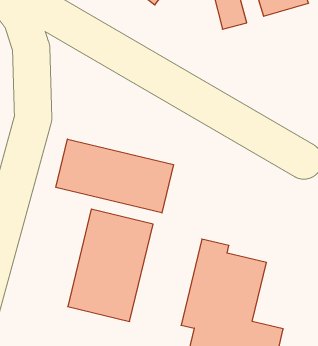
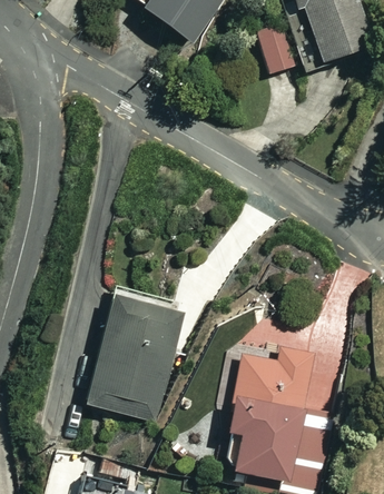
building: [56,139,173,213] -> none

